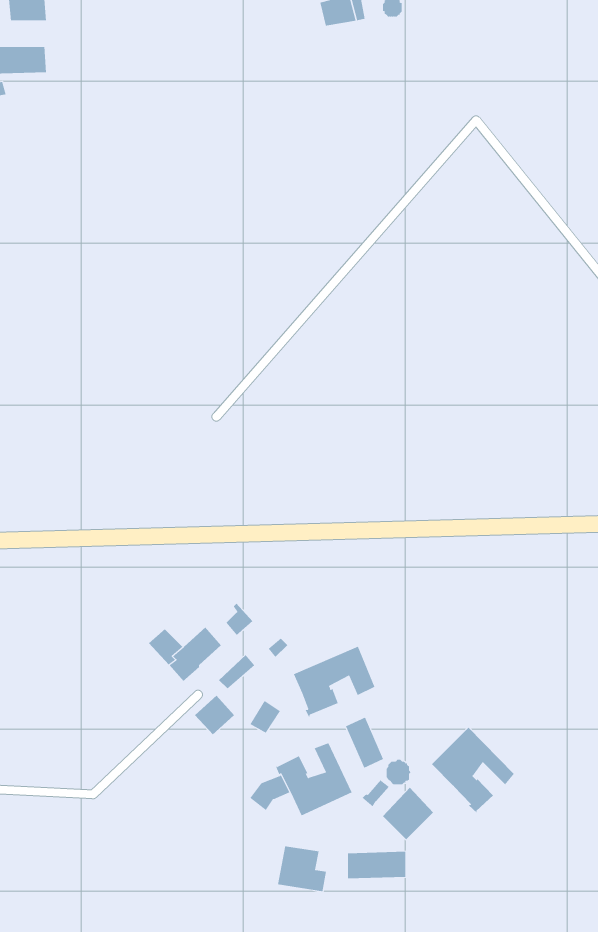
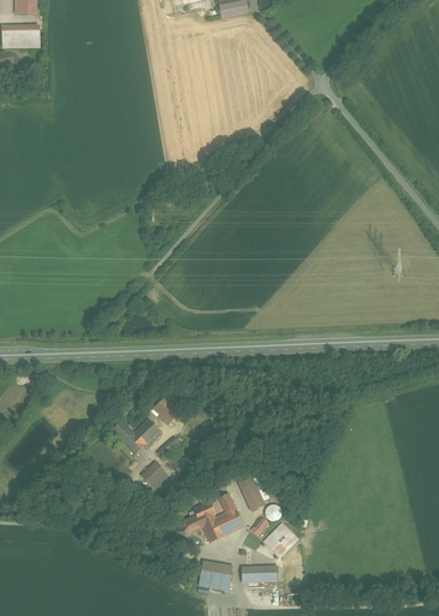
building: [293,646,375,718] -> none
building: [431,727,515,814] -> none

